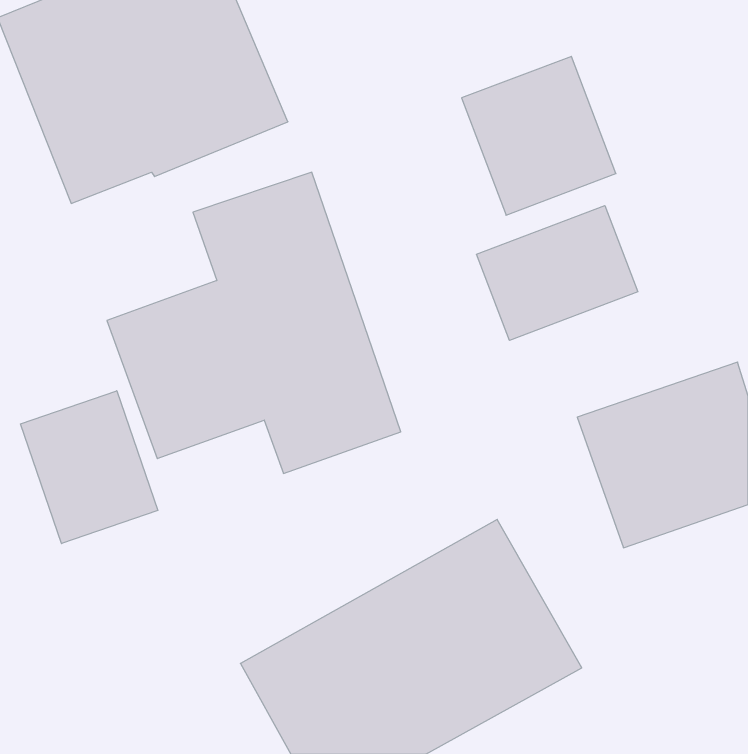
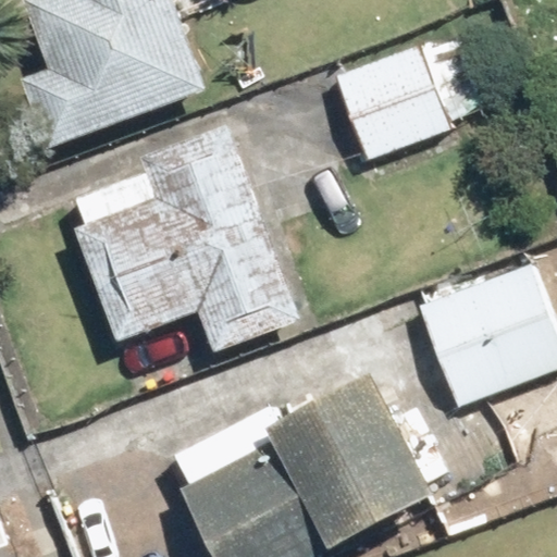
building: [477,206,638,340] -> none
building: [21,391,158,544] -> none

